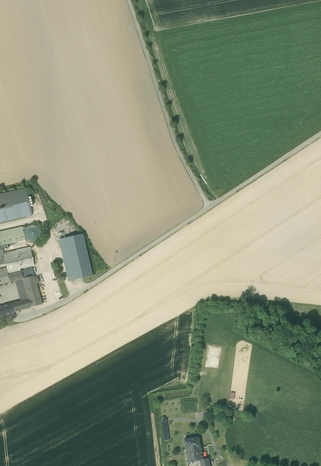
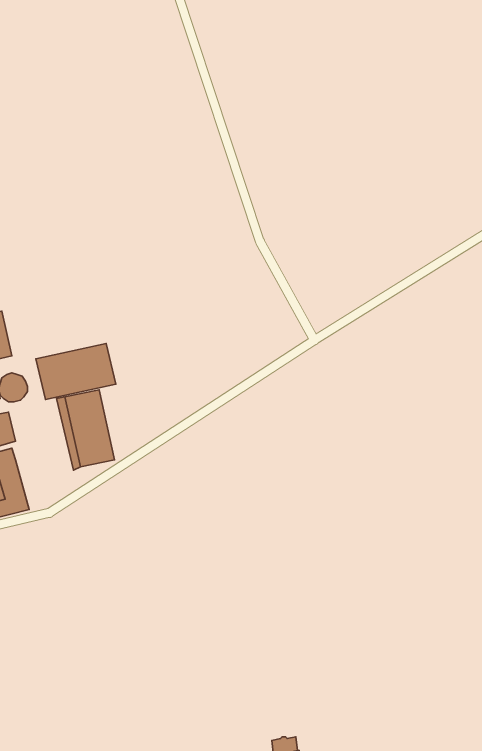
building: none -> [36,343,116,400]

